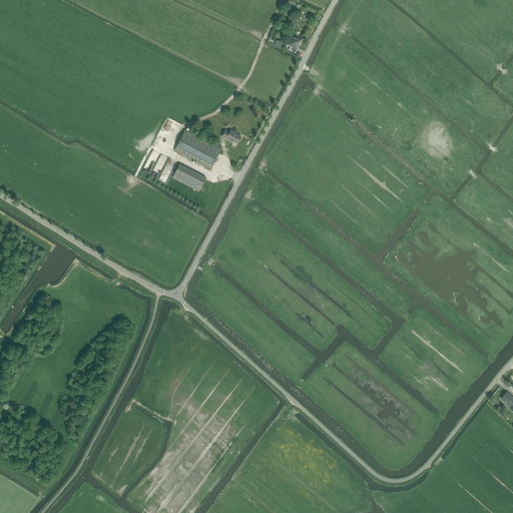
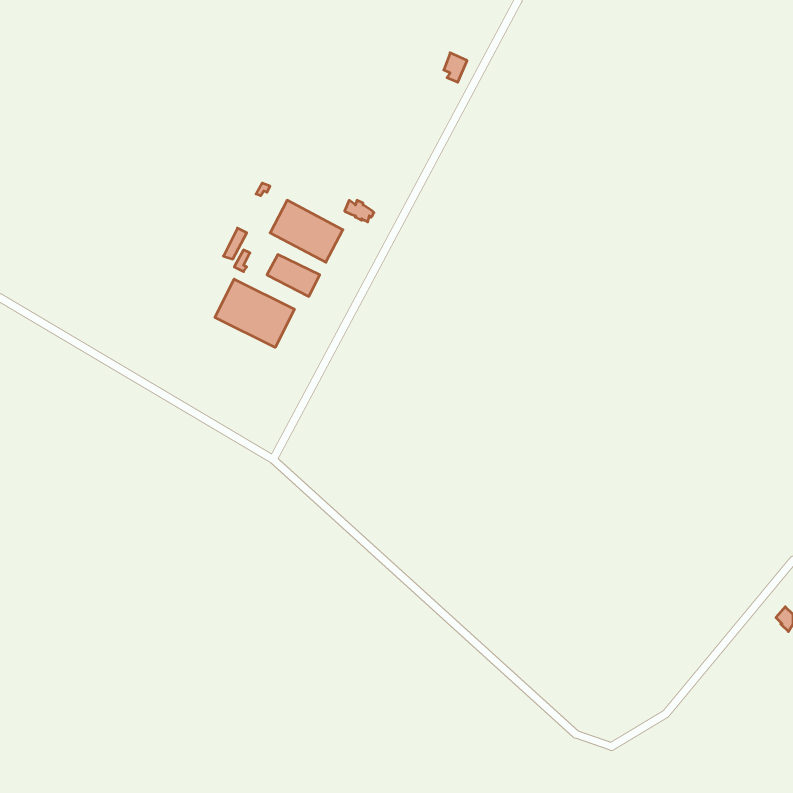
building: none -> [215,279,294,347]

